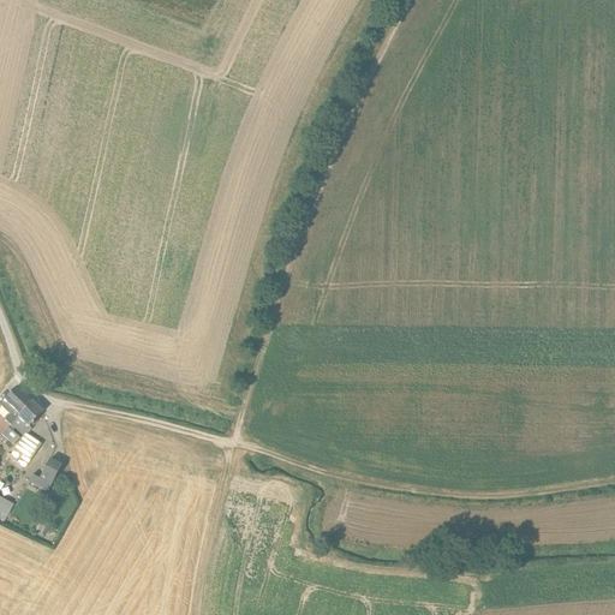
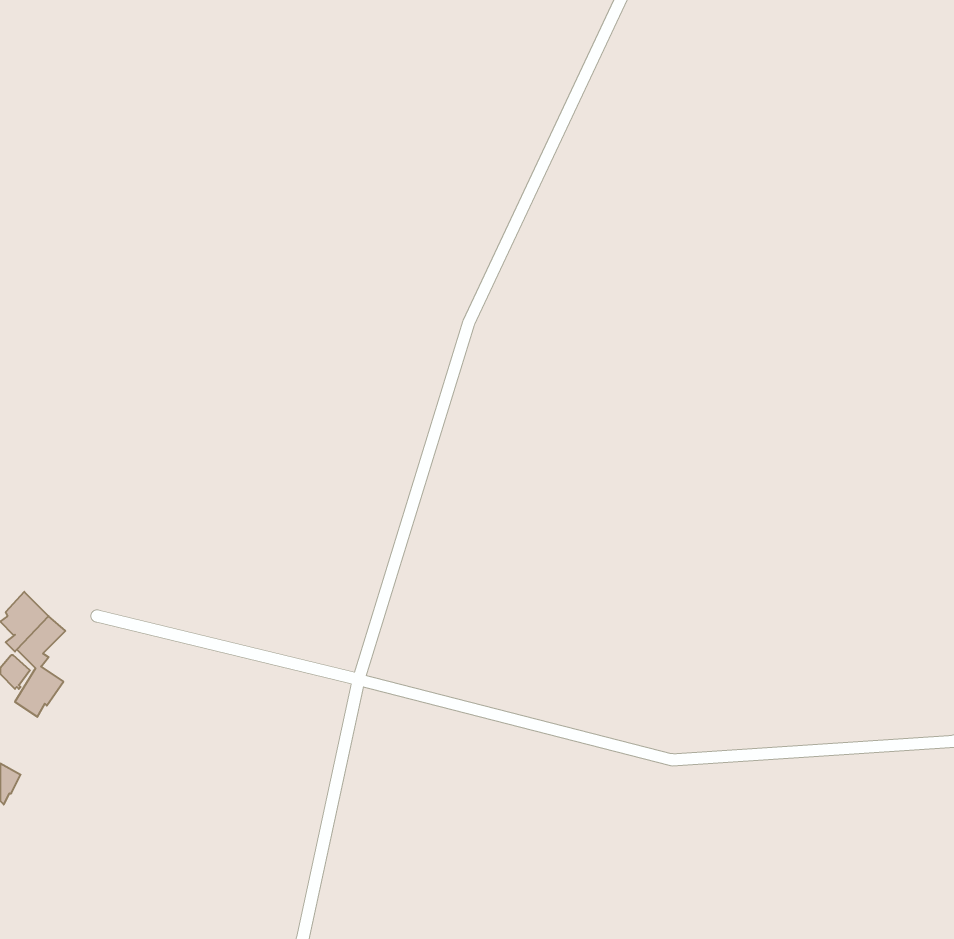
building: [26,453,61,489] -> none

